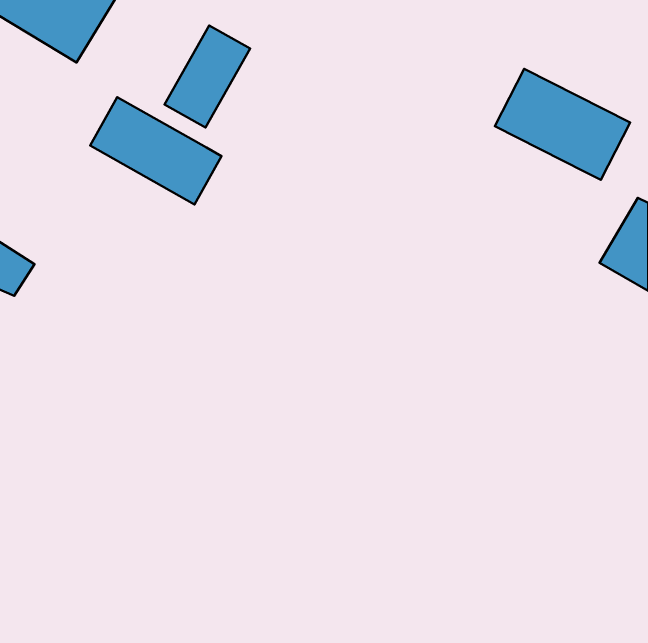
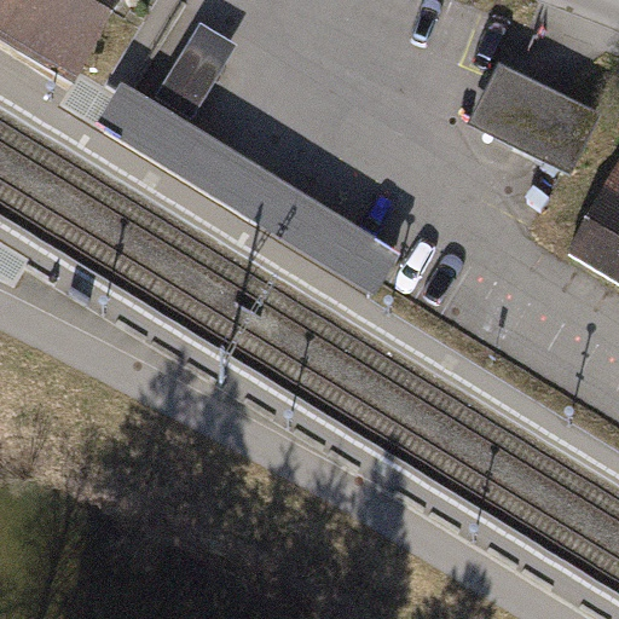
building: [90,97,222,204] -> none

